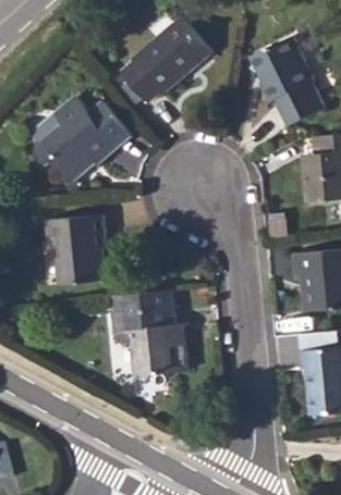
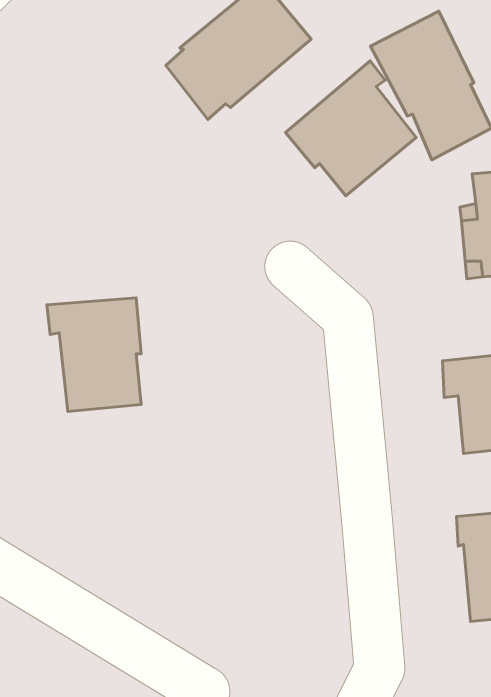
building: none -> [285,61,416,196]
building: [34,96,130,181] -> none
building: [107,288,185,374] -> none

